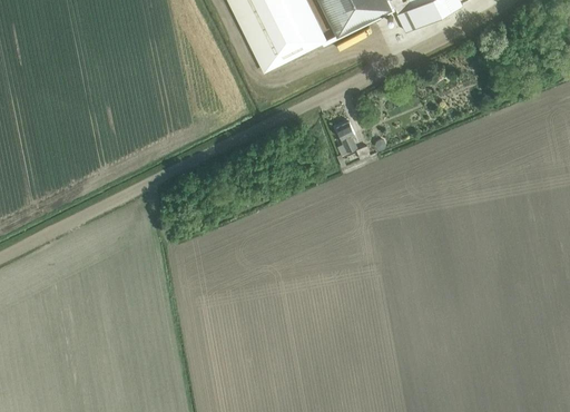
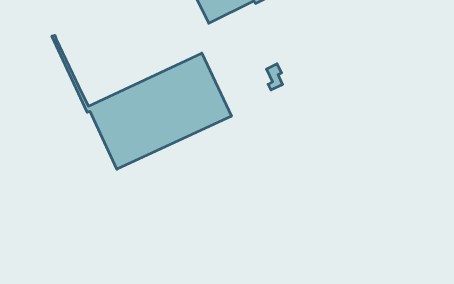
building: none -> [52,35,231,169]

